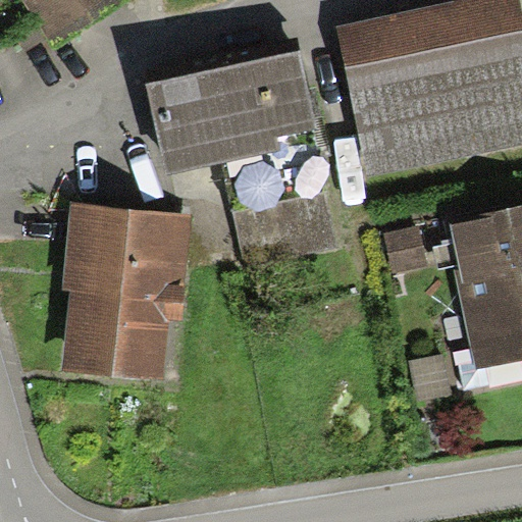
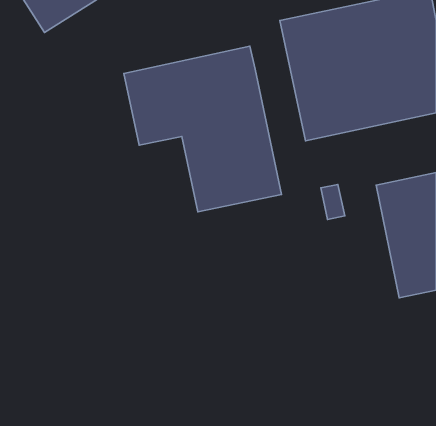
building: [65,206,189,370] -> none

